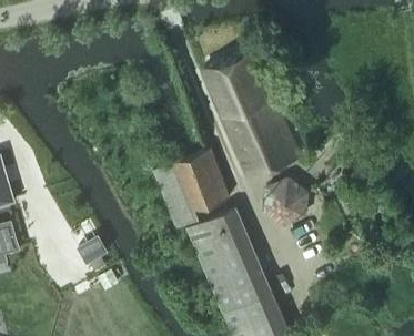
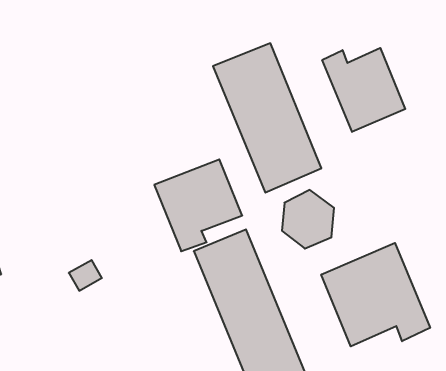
building: none -> [322,48,405,132]
building: none -> [321,243,430,346]

